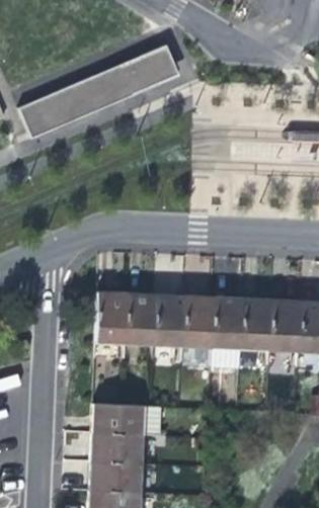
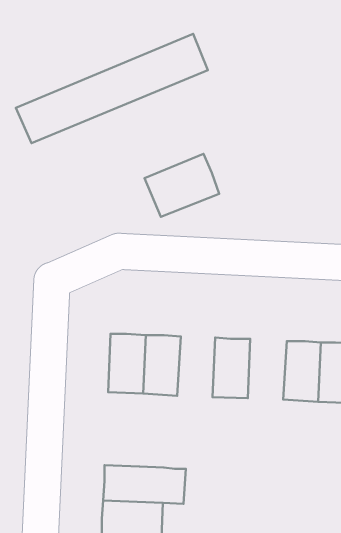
building: none -> [144,154,219,217]
building: [154,297,185,347] -> none
building: [213,299,245,349] -> none

